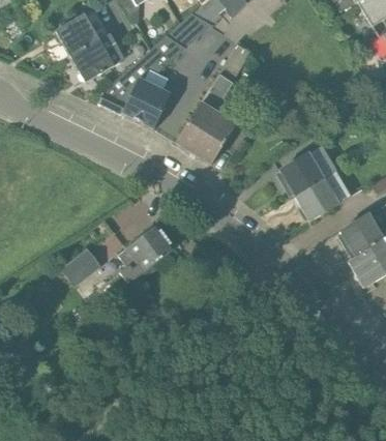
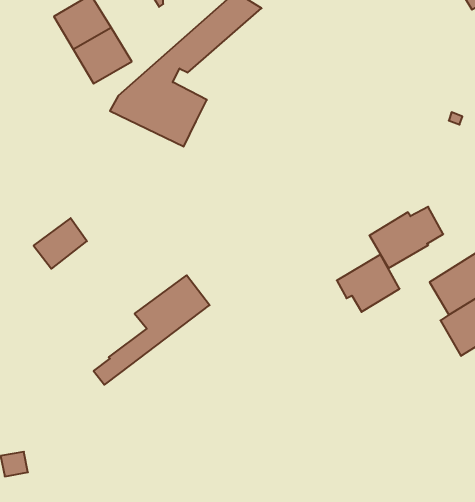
building: [177,41,251,163] -> none
building: [277,151,325,195] -> [337,254,400,312]
building: [62,247,102,286] -> [34,218,87,269]

